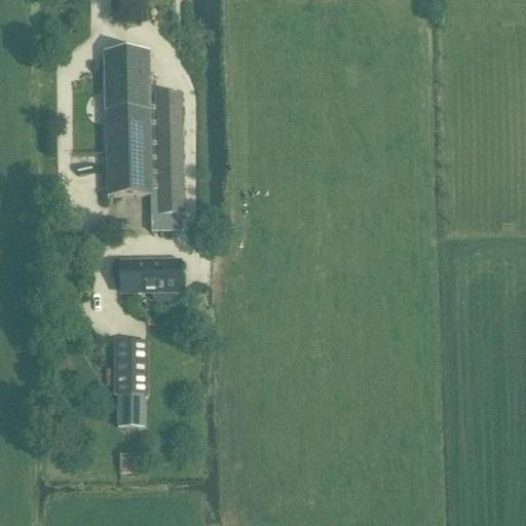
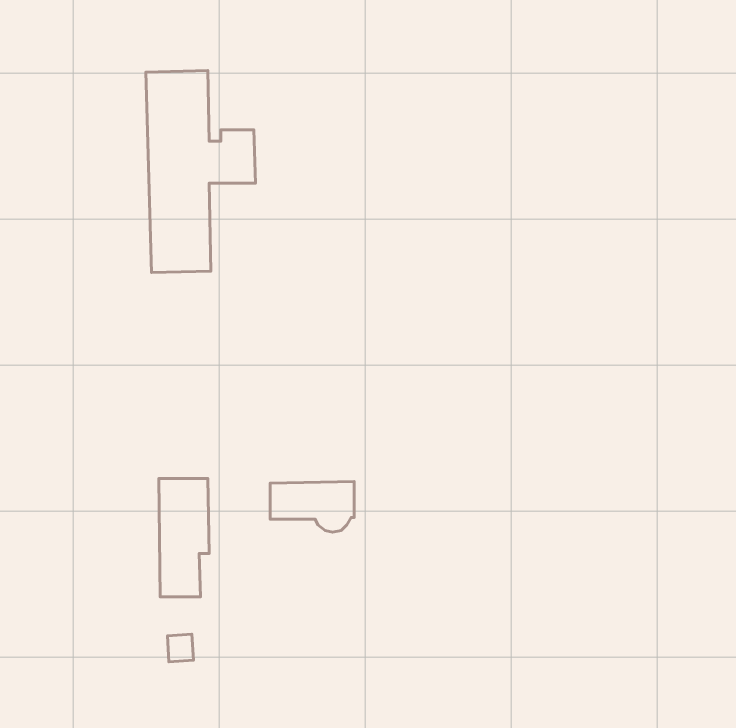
building: [150,130,185,229] -> none
building: [120,262,180,298] -> [270,482,354,532]

